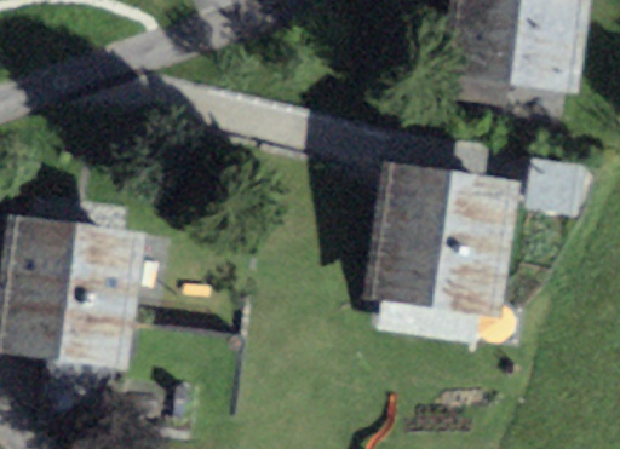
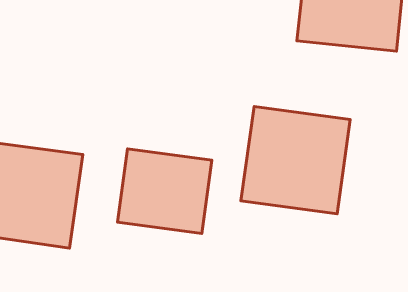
building: none -> [117,149,212,234]

